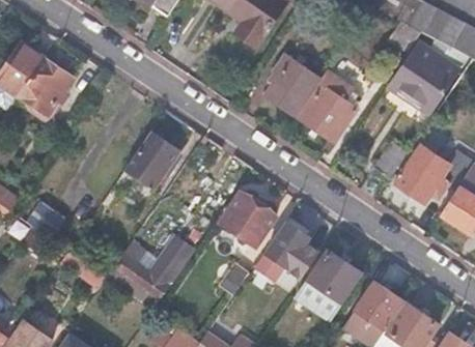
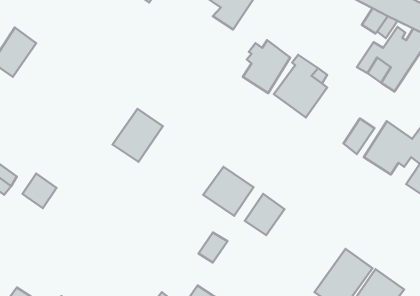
building: [19,59,73,116] -> none
building: [107,239,192,312] -> none
building: [303,250,362,311] -> none

